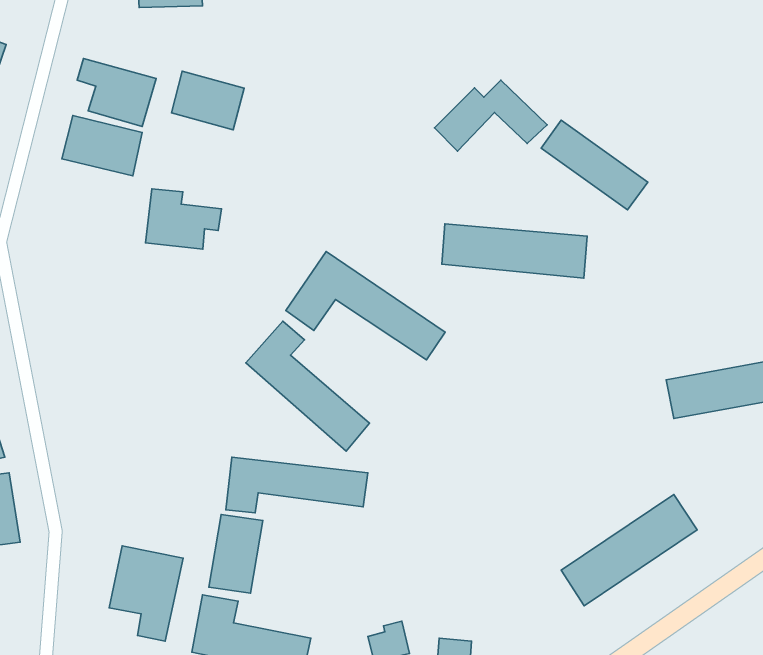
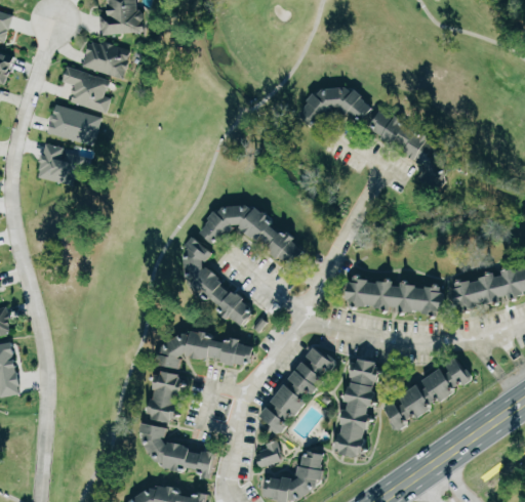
building: [171,71,244,130] -> [81,40,129,79]
building: [146,189,221,249] -> [40,144,90,184]
building: [442,224,587,278] -> [346,278,442,313]
building: none -> [257,346,333,434]
building: none -> [333,359,377,457]
building: [109,546,183,641] -> none

